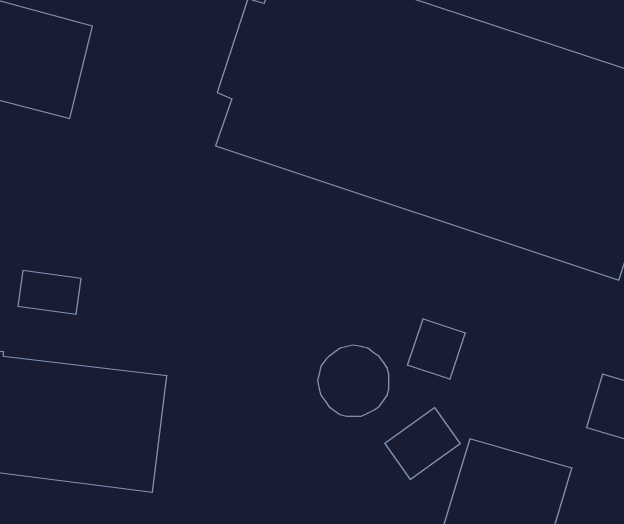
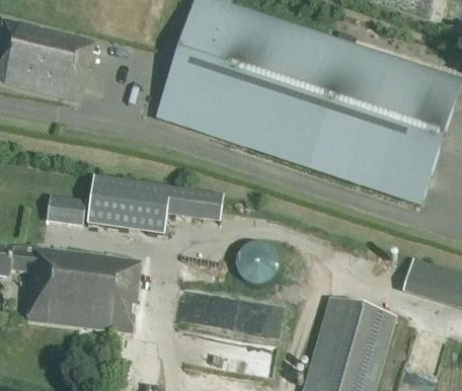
building: none -> [86,178,223,234]
building: [408,319,465,379] -> none
building: [385,408,460,479] -> none

